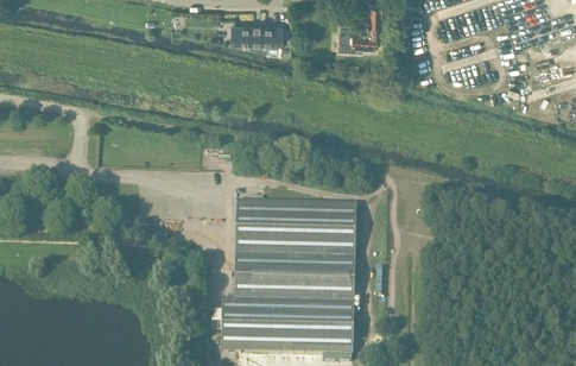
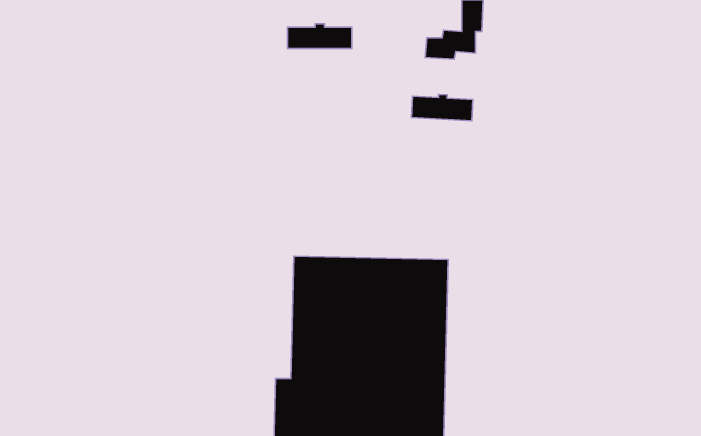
building: none -> [412,95,473,121]

